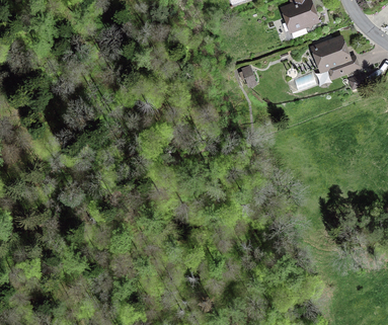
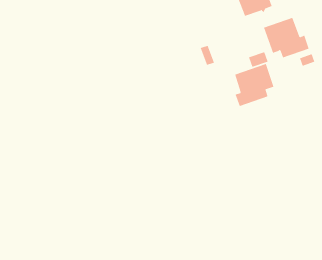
building: none -> [234,63,274,107]

